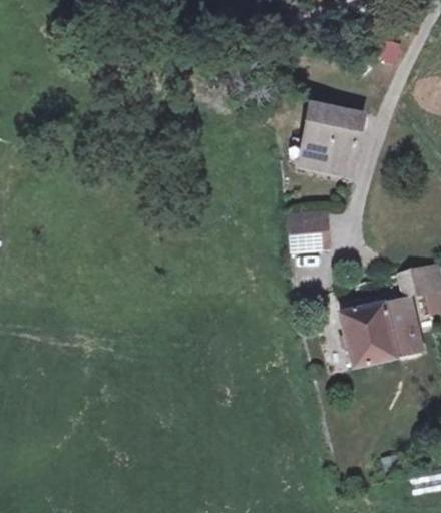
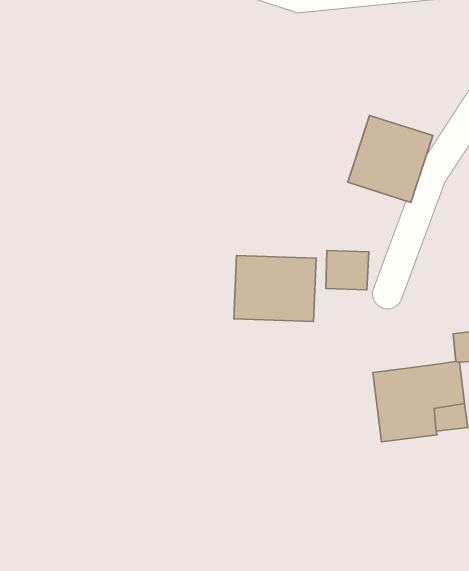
building: none -> [234,255,316,322]

